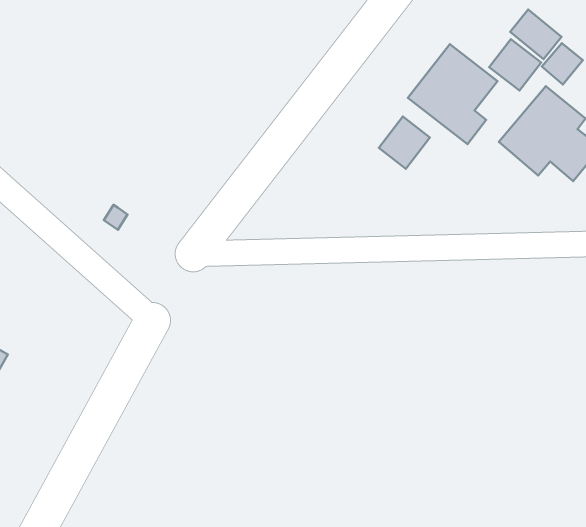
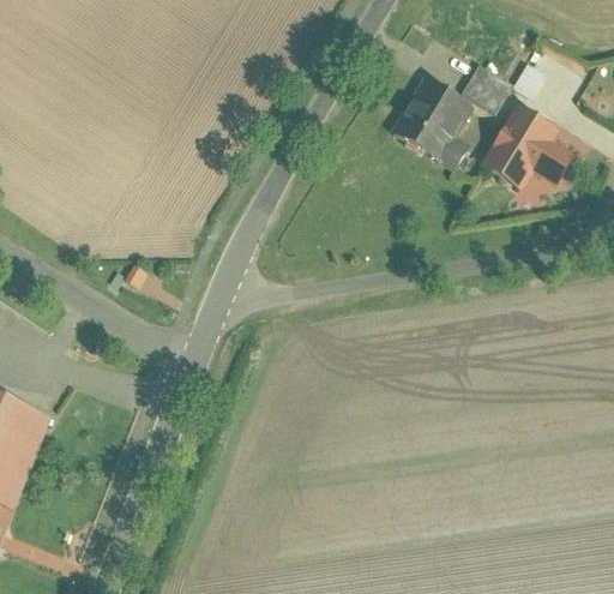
building: [510,10,561,59] -> none
building: [379,116,430,169] -> none

